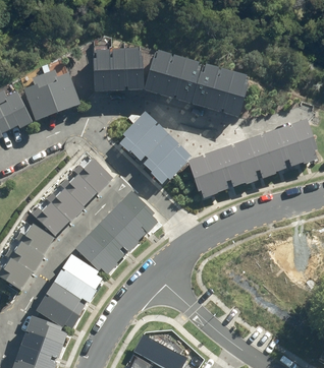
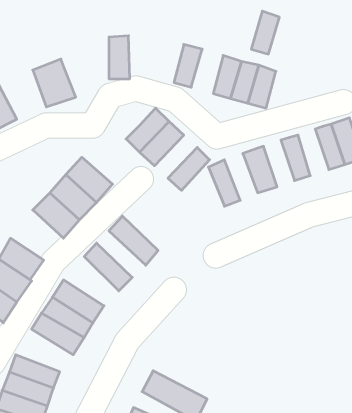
building: [123,53,142,88] -> none
building: [92,54,107,89] -> none
building: [146,56,169,91] -> none
building: [175,64,199,100] -> [251,11,279,54]
building: [21,81,55,121] -> none
building: [264,130,289,169] -> none
building: [145,135,180,171] -> none
building: [235,139,261,178] -> none
building: [203,150,230,189] -> none
building: [118,191,159,231] -> none
building: [31,197,69,235] -> none
building: [97,214,138,253] -> none
building: [73,236,115,277] -> none
building: [35,296,77,331] -> none

